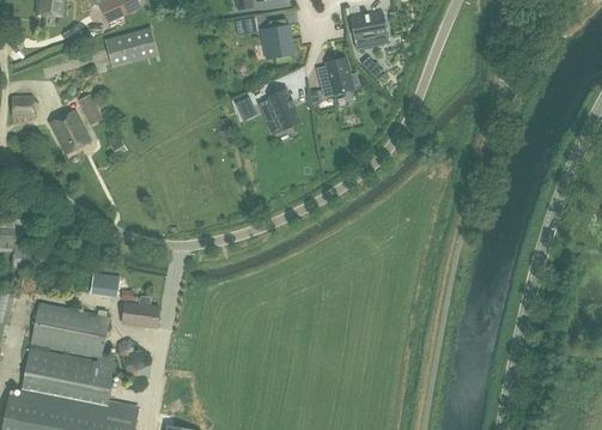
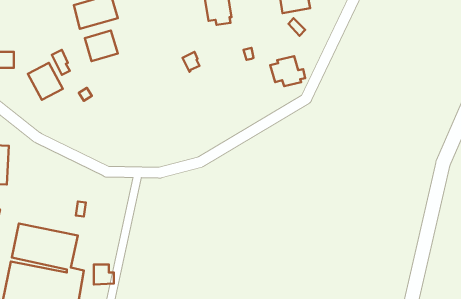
building: [316,57,358,93] -> [270,56,305,86]
building: none -> [85,31,118,61]
building: [257,90,302,129] -> none
building: [122,301,158,327] -> none

